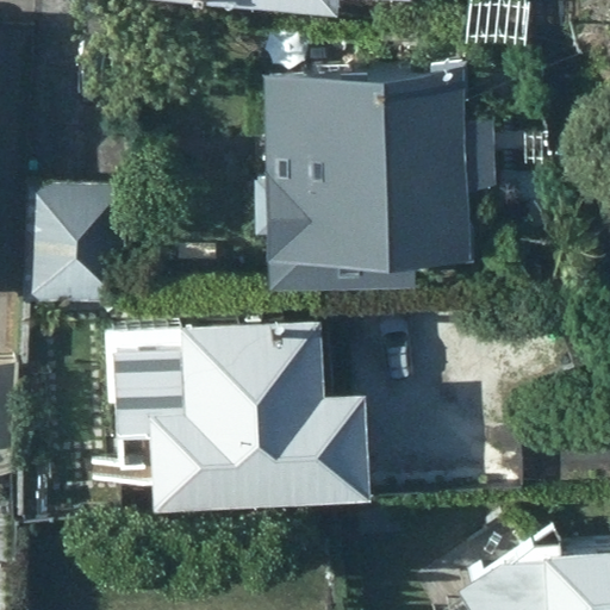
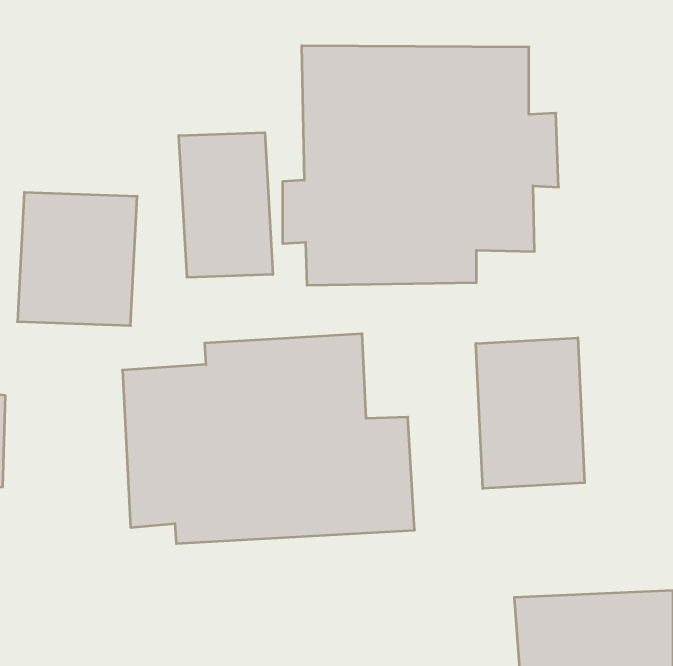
building: none -> [179,133,273,277]
building: none -> [476,338,585,489]

